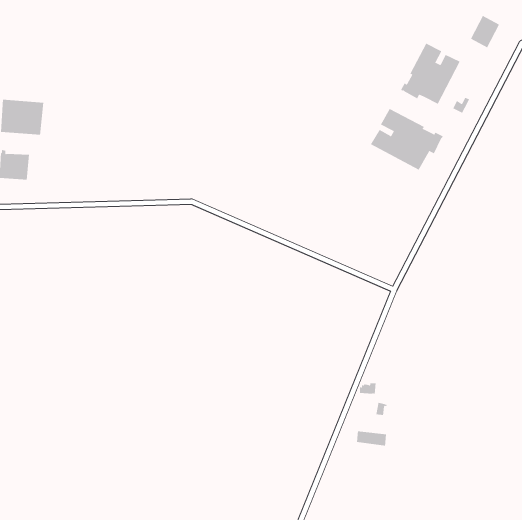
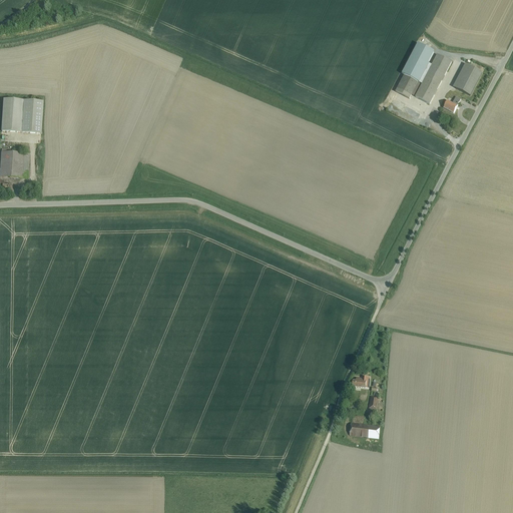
building: [470,15,500,48] -> [452,62,481,94]
building: [370,108,444,171] -> none

